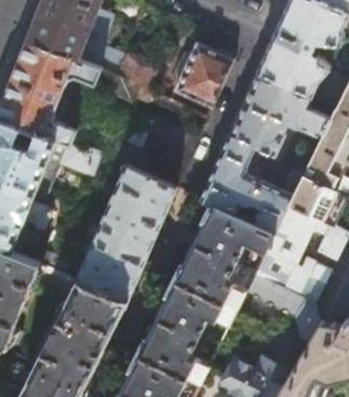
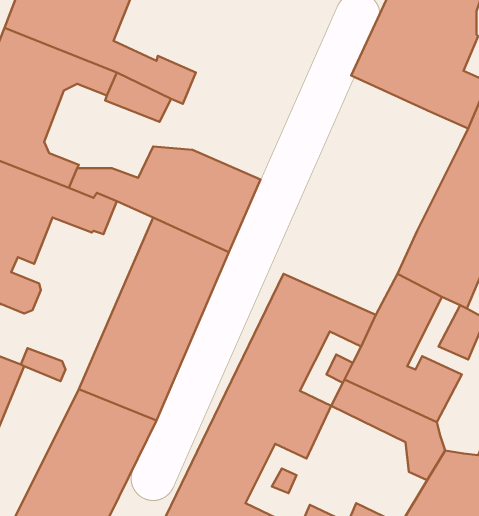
building: [173,44,232,109] -> none
building: [199,71,329,231] -> none

